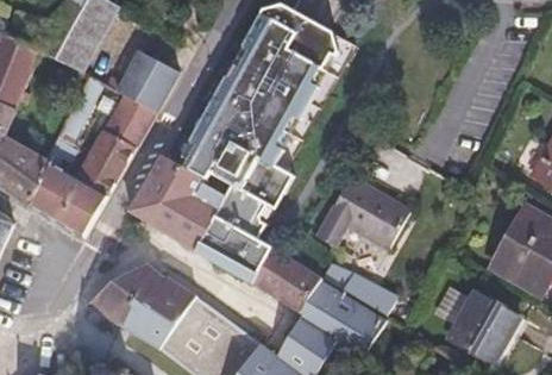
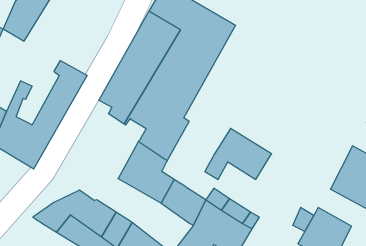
building: [120,46,182,112] -> none
building: [131,152,222,251] -> none

